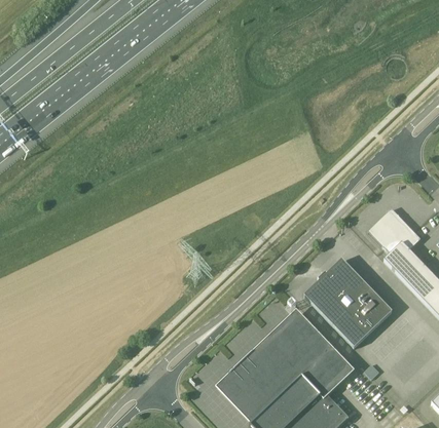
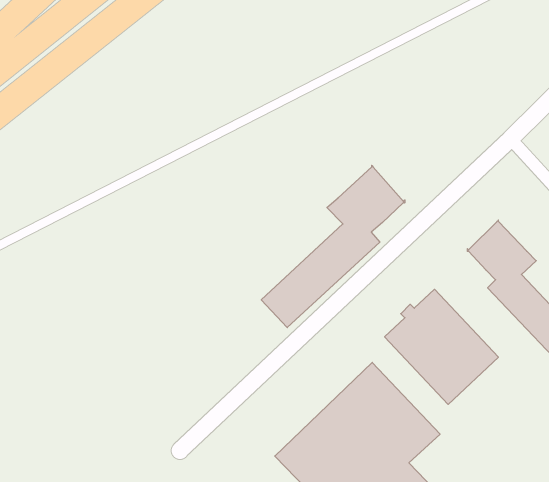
building: none -> [261,165,405,328]

